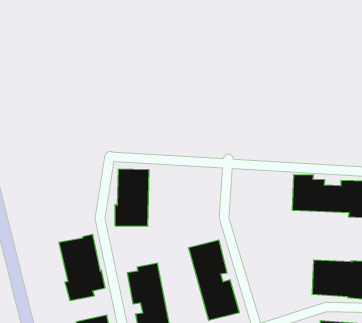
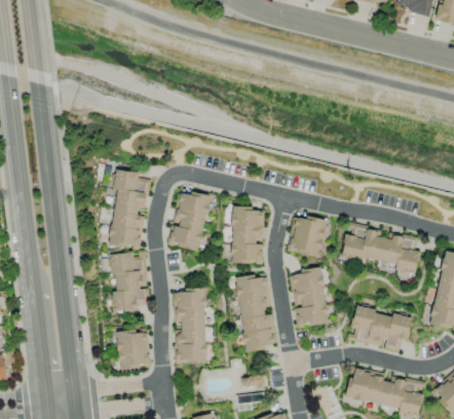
building: none -> [108,169,150,250]
building: none -> [230,206,263,264]
building: none -> [287,215,326,257]
building: none -> [290,269,328,327]

